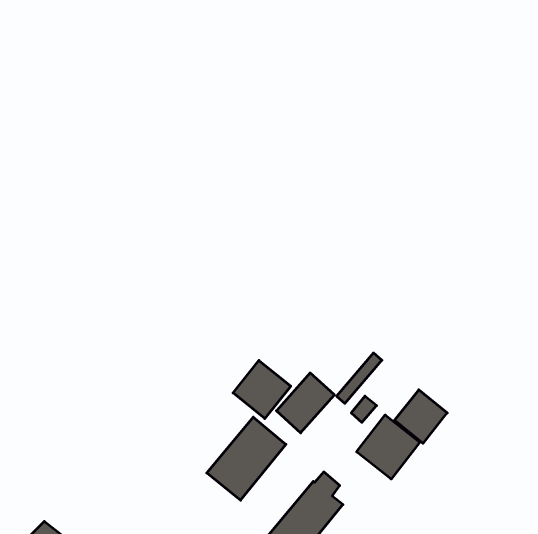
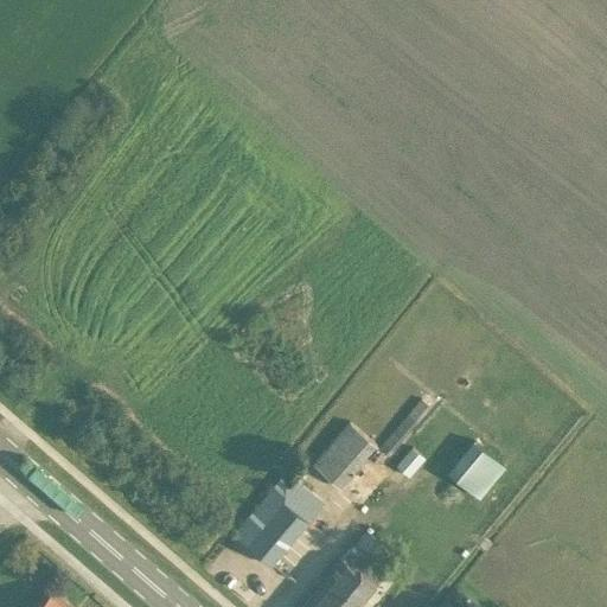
building: [233,360,291,419] -> none
building: [357,415,420,479] -> none

